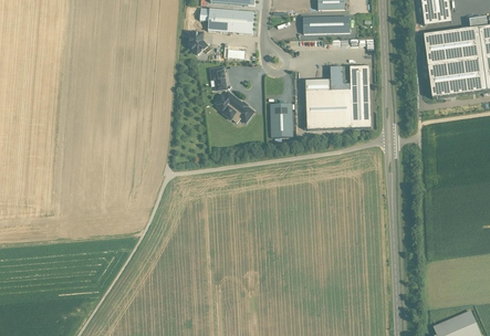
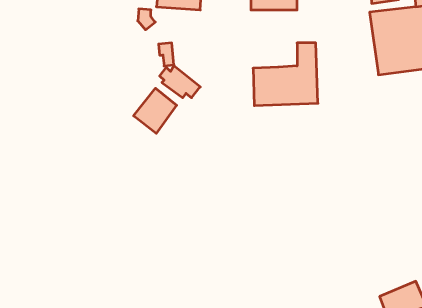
building: [331,65,350,90] -> none
building: [269,102,291,135] -> none
building: none -> [134,88,177,133]

